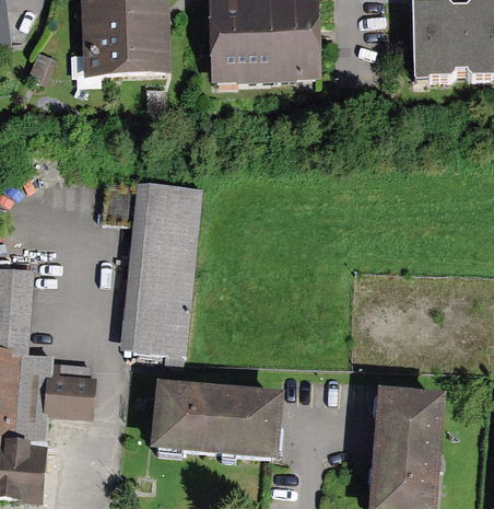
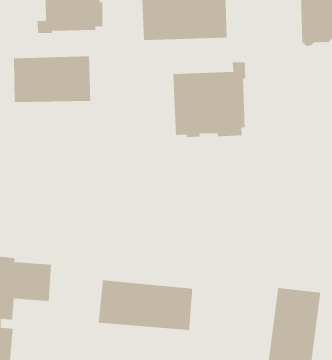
building: none -> [13,56,91,103]
building: none -> [173,62,246,138]
building: [102,178,202,355] -> none

